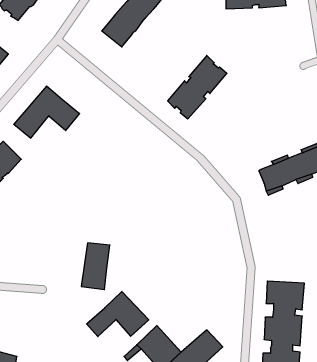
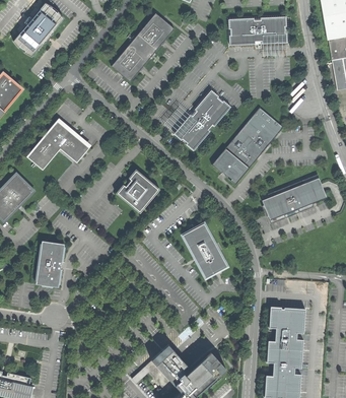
building: none -> [212,108,282,184]
building: none -> [116,171,157,211]
building: none -> [182,223,226,278]
building: [81,243,110,290] -> [36,241,63,285]
building: [87,292,149,337] -> none

